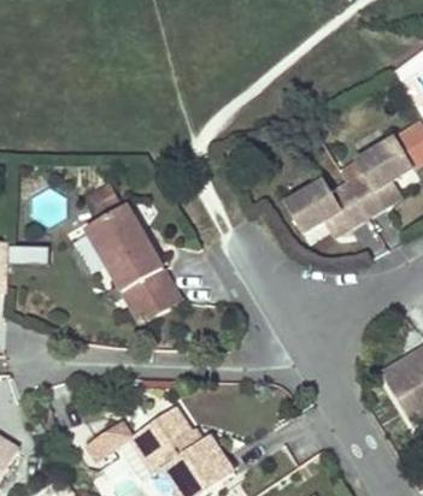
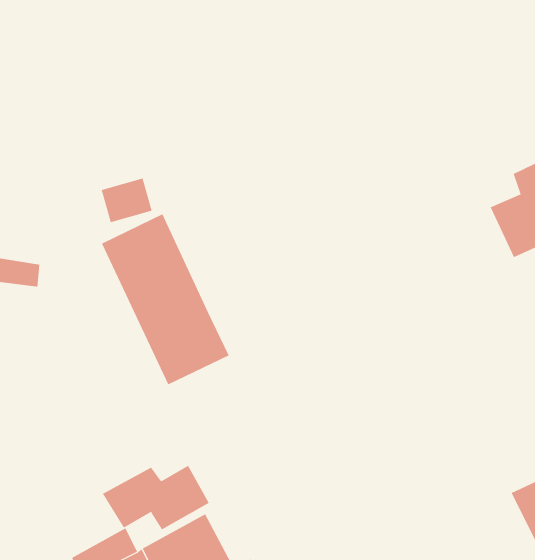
building: [287,178,366,230] -> none
building: none -> [102,465,209,530]

